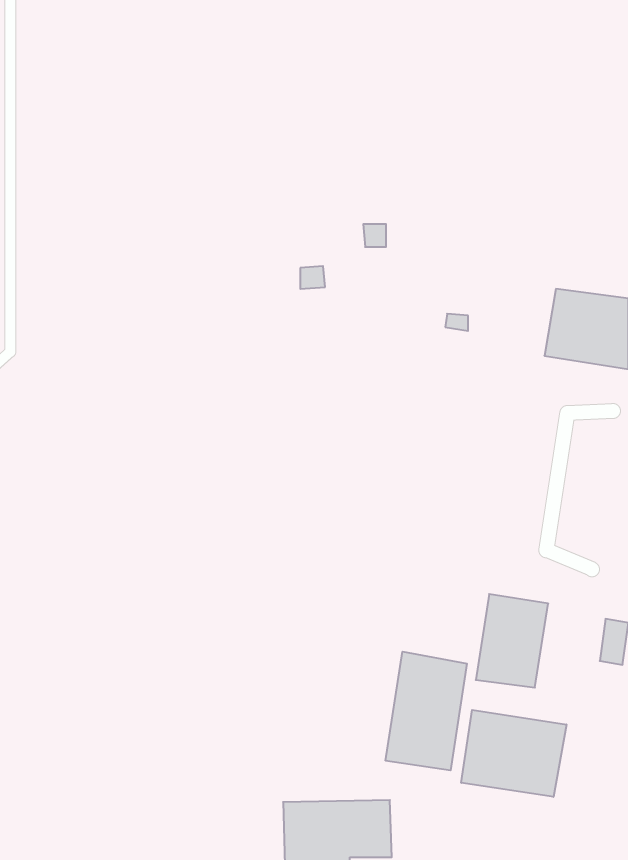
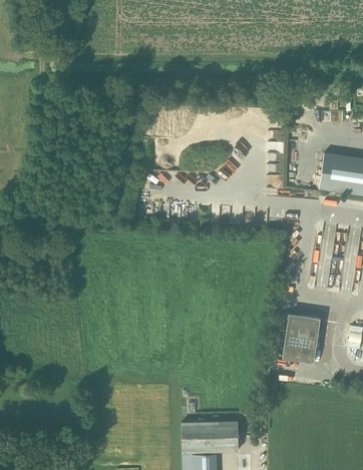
building: [386,652,467,770] -> none
building: [461,710,566,797] -> none

